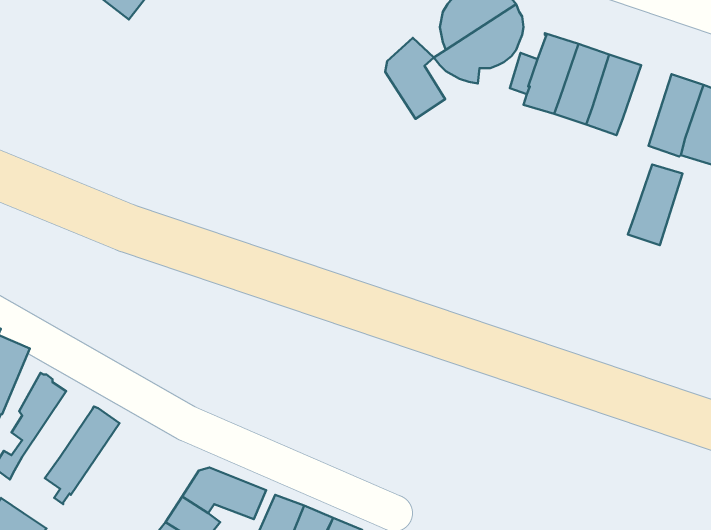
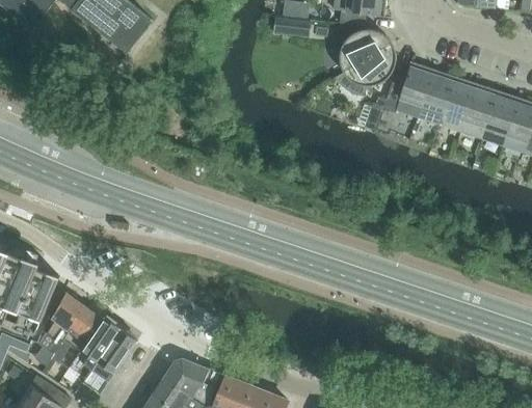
building: [385,38,445,119] -> none
building: [628,164,683,245] -> [458,84,496,139]
building: none -> [48,306,101,364]
building: none -> [81,328,136,395]

